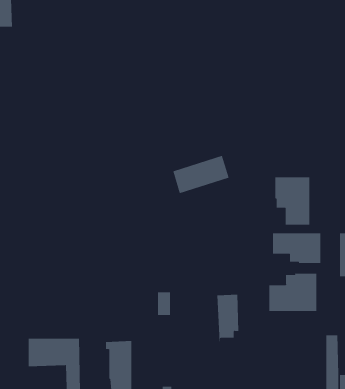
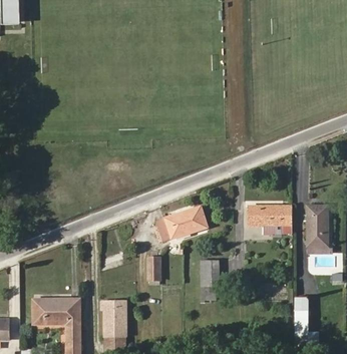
building: [173,155,229,194] -> [156,207,207,241]
building: [275,176,310,226] -> none
building: [269,273,317,312] -> none

